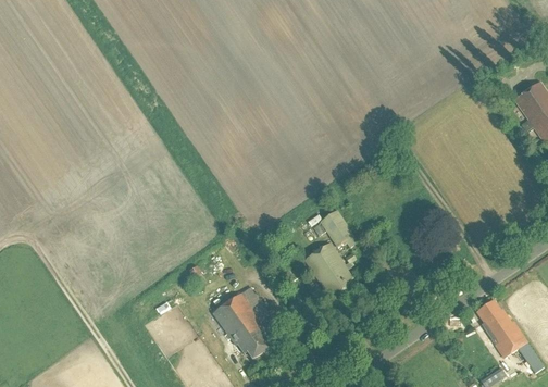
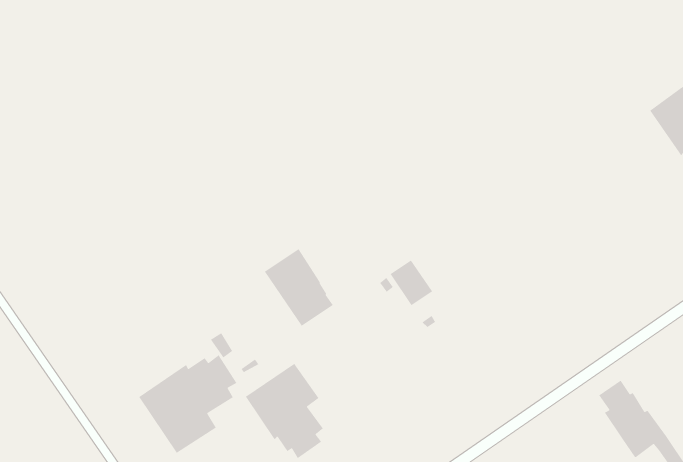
building: [304,242,357,301] -> [264,248,334,327]
building: none -> [138,354,238,454]

